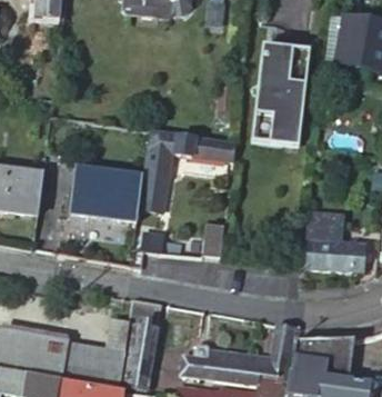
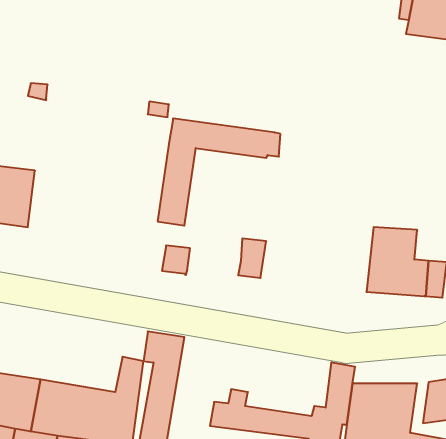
building: [252,46,311,146] -> none
building: [73,167,142,219] -> none

